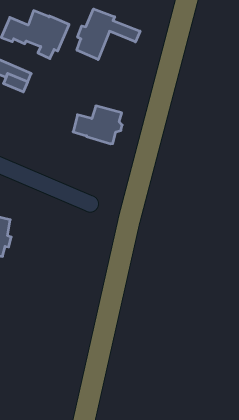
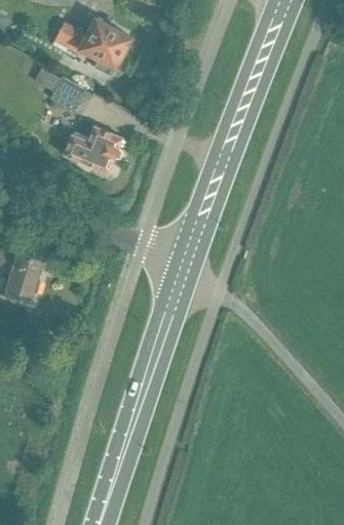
building: [77,9,140,60] -> none
building: [73,106,122,144] -> [64,126,123,172]

